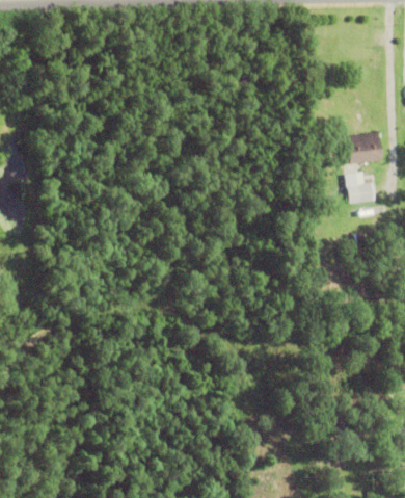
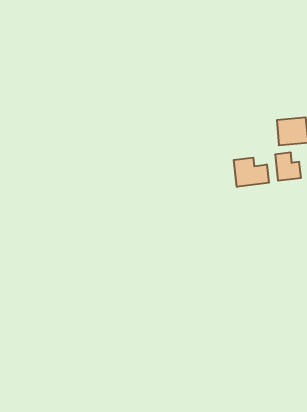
building: none -> [234,158,269,187]

